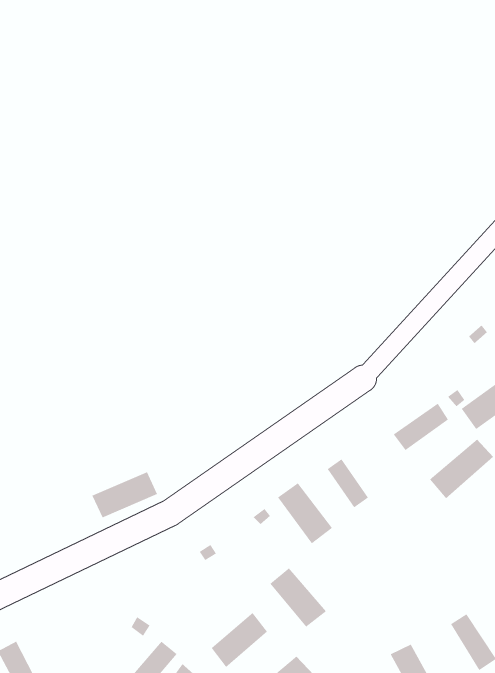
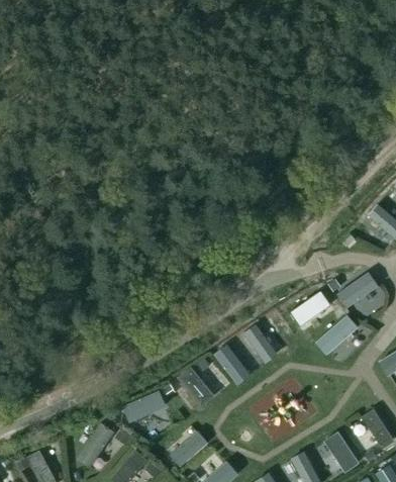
building: [92,471,158,518] -> [121,391,166,422]
building: [270,567,327,628] -> [177,367,215,407]
building: none -> [76,423,114,468]

